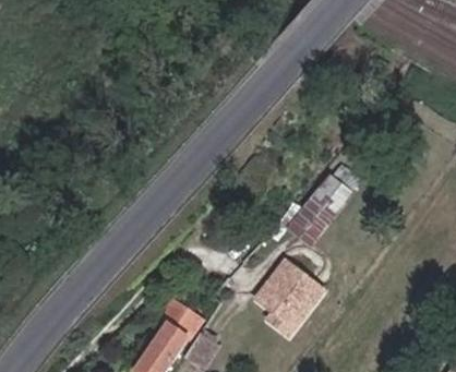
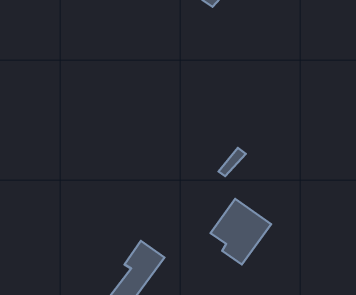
building: [286,188,335,240] -> none

